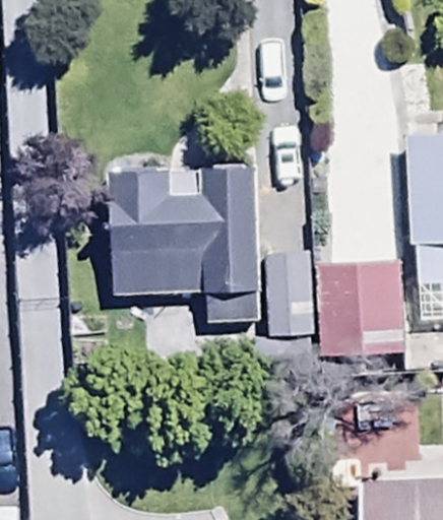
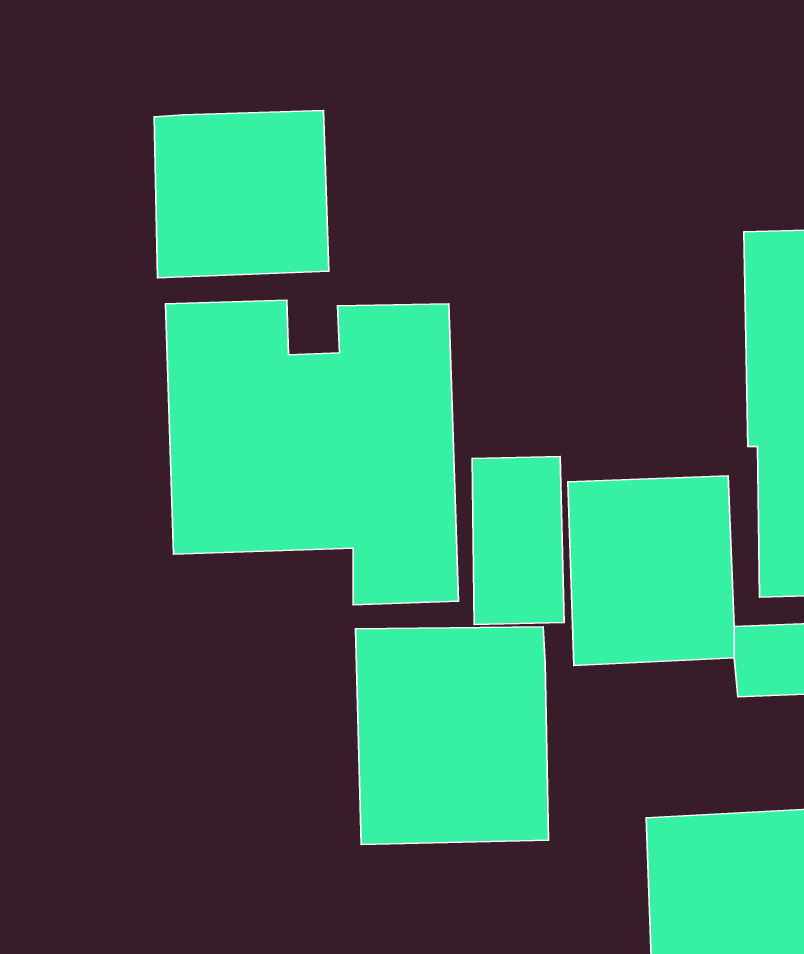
building: none -> [154,111,329,278]
building: none -> [355,627,549,844]

